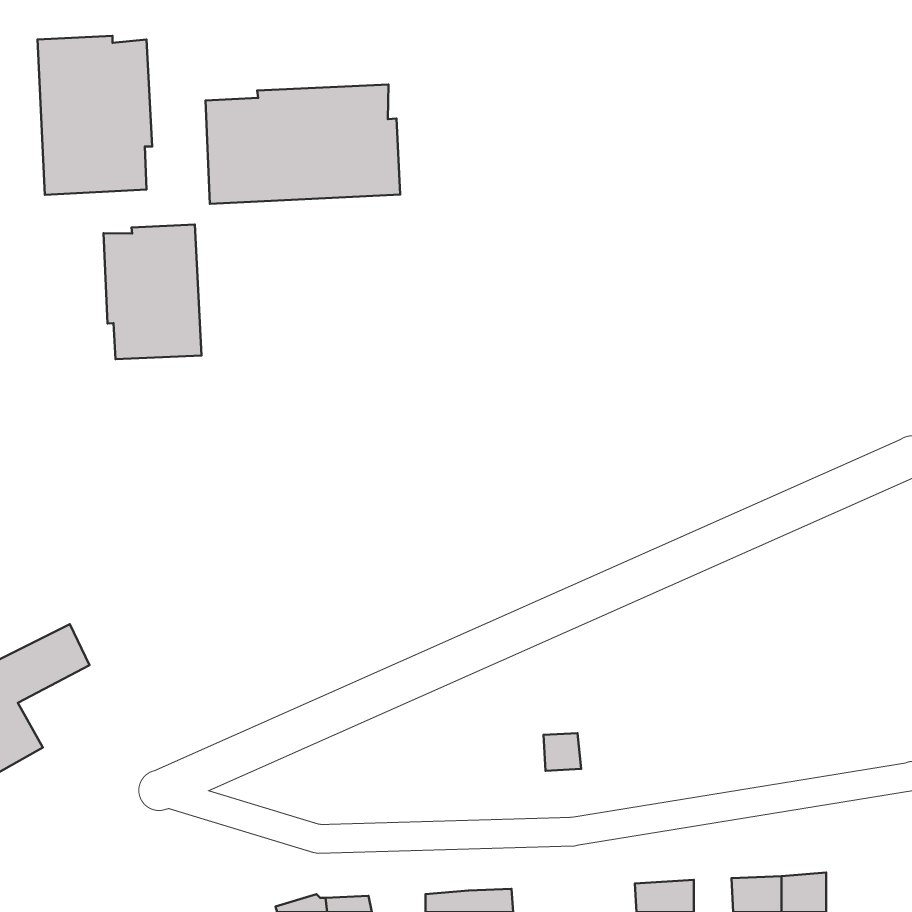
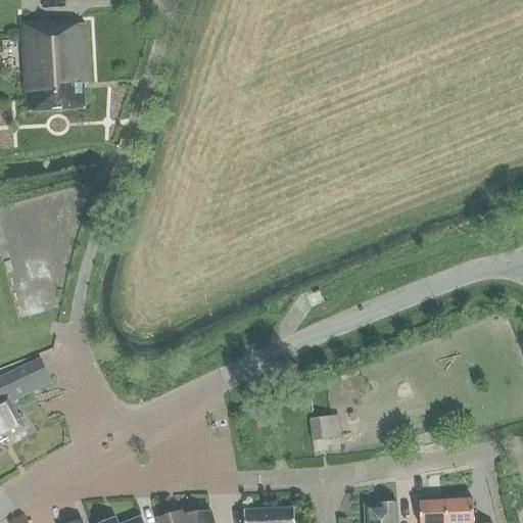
building: [205,85,400,204] -> none
building: [103,224,201,359] -> none

